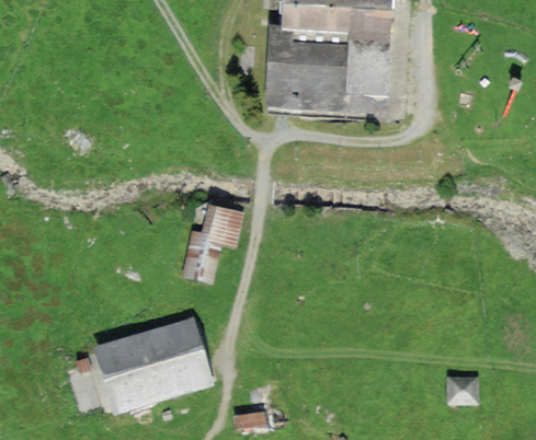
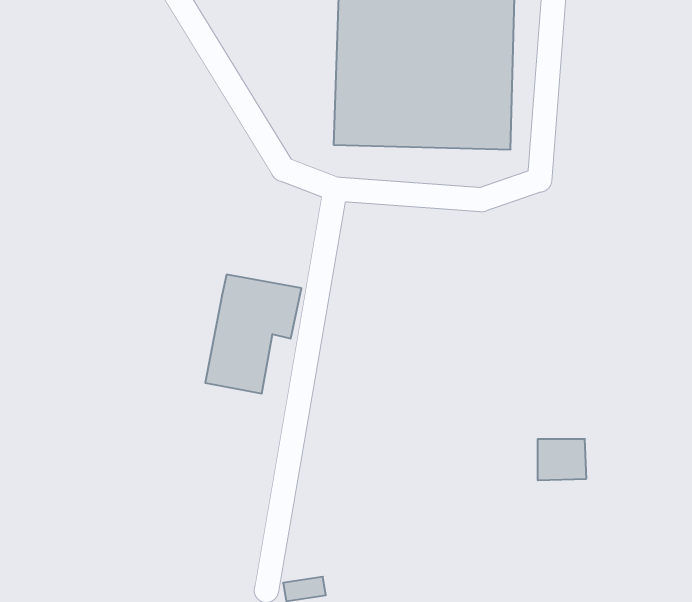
building: [88,315,215,414] -> none
building: [445,373,480,403] -> [538,439,586,480]

